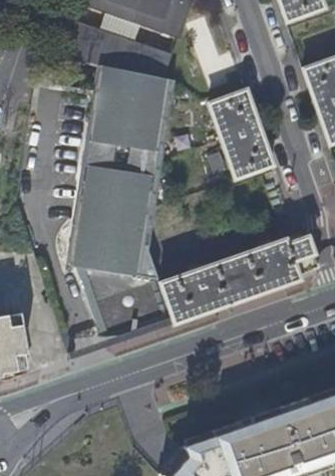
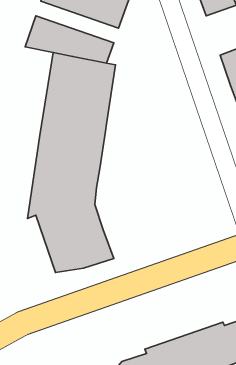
building: [208,90,273,180] -> none
building: [159,234,318,323] -> none

